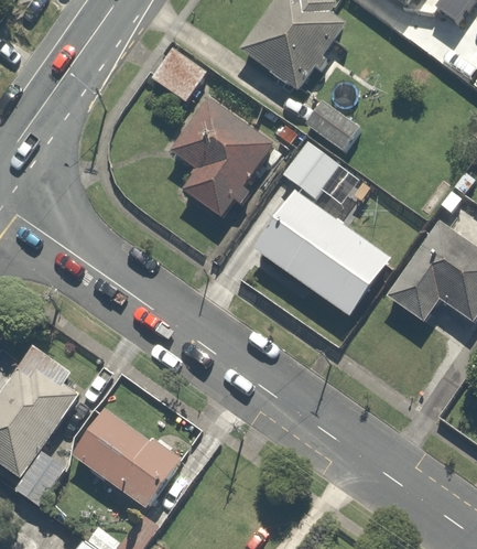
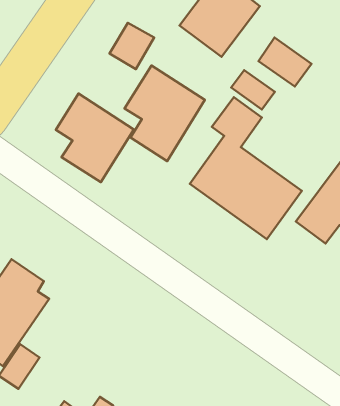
building: none -> [258,38,311,87]
building: none -> [56,93,134,182]
building: [72,406,181,509] -> none

